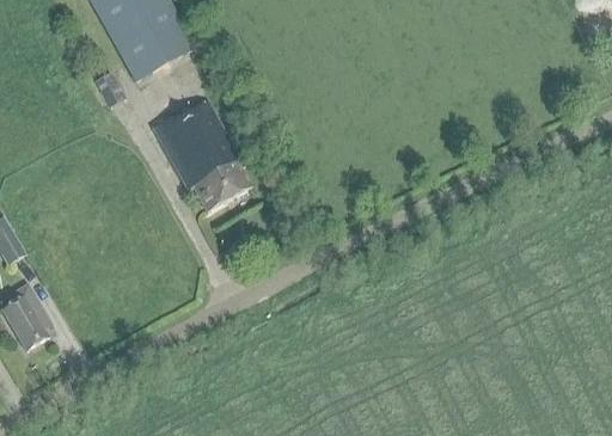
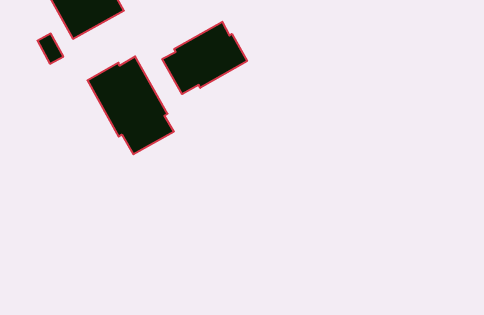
building: none -> [162,22,247,94]

